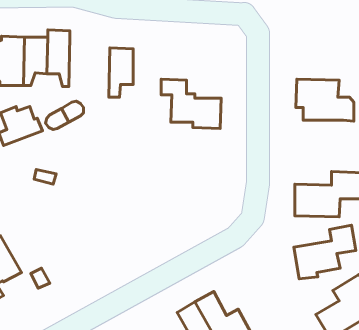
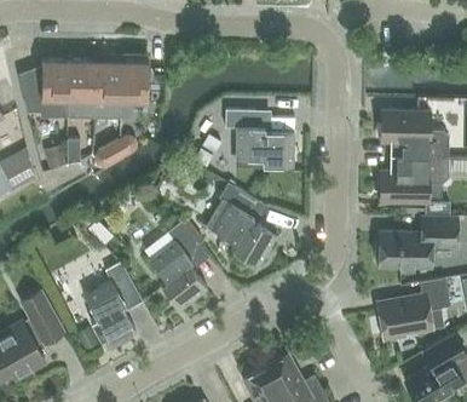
building: [109,48,133,97] -> [120,61,148,117]
building: none -> [380,156,448,202]
building: none -> [207,182,278,265]
building: none -> [151,220,208,309]
building: none -> [85,262,137,349]

